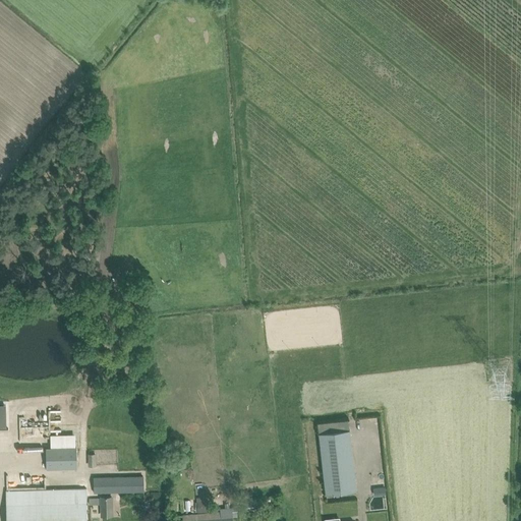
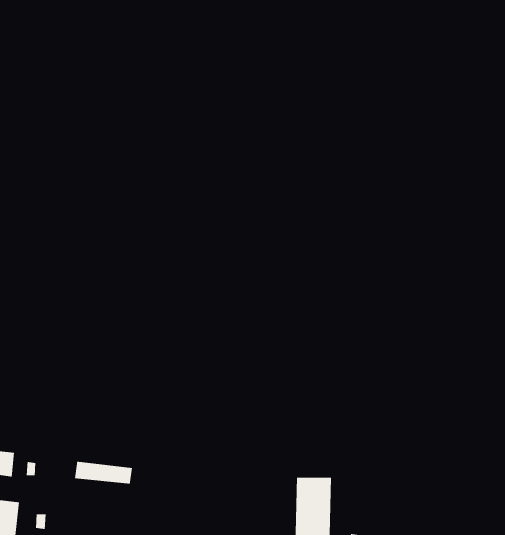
building: [94,477,142,494] -> [74,461,133,484]

